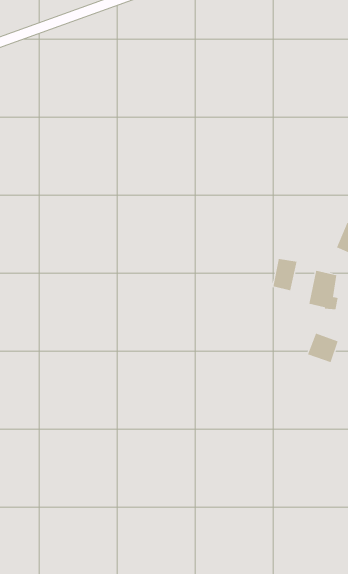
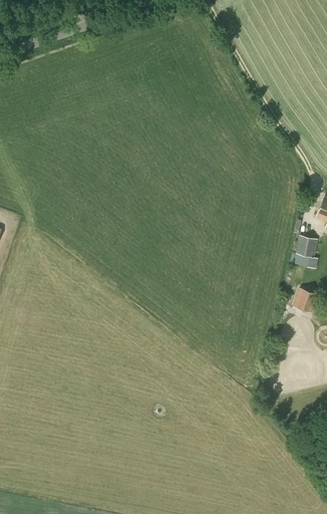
building: [273,258,297,291] -> none

